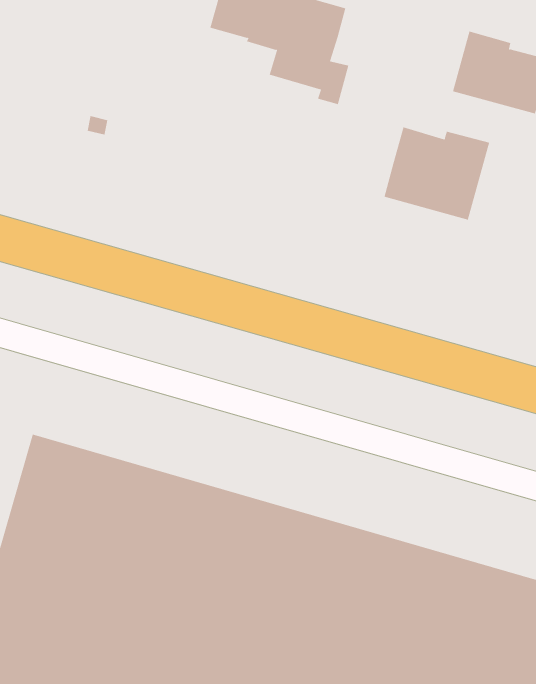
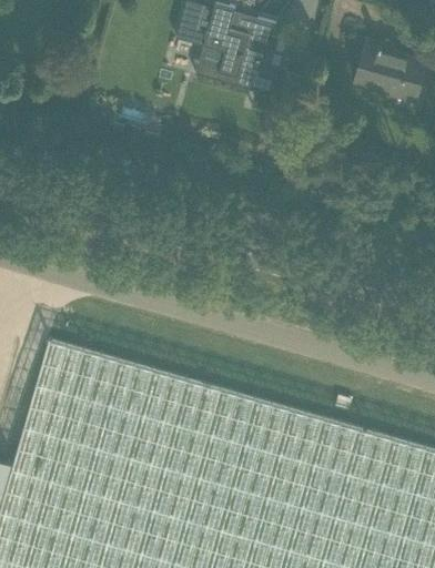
building: [384,127,490,221] -> none

